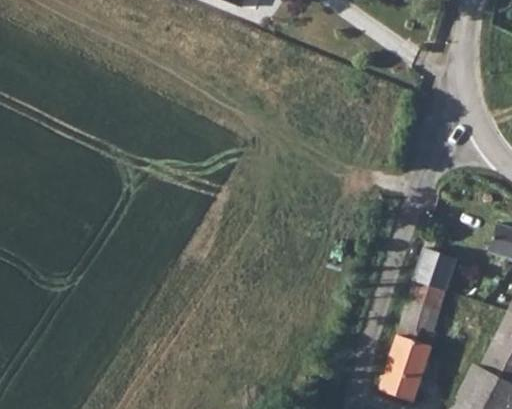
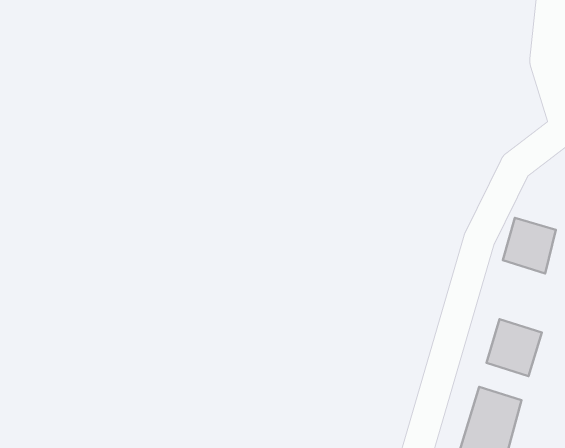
building: [414,240,458,286] -> [503,218,556,273]
building: [397,311,438,342] -> none

